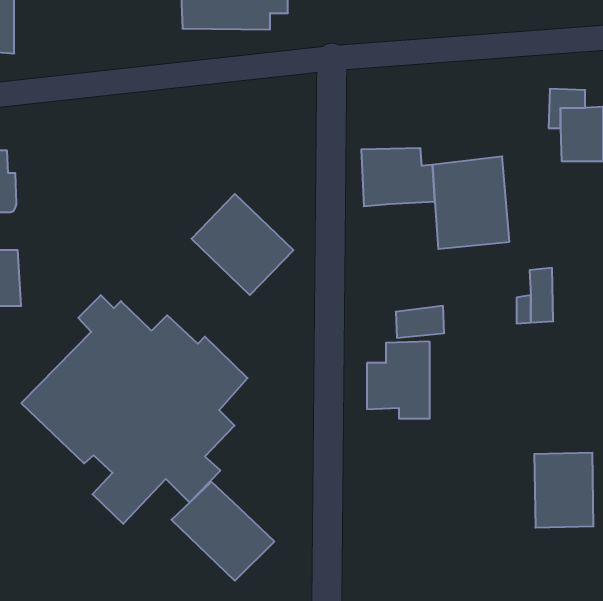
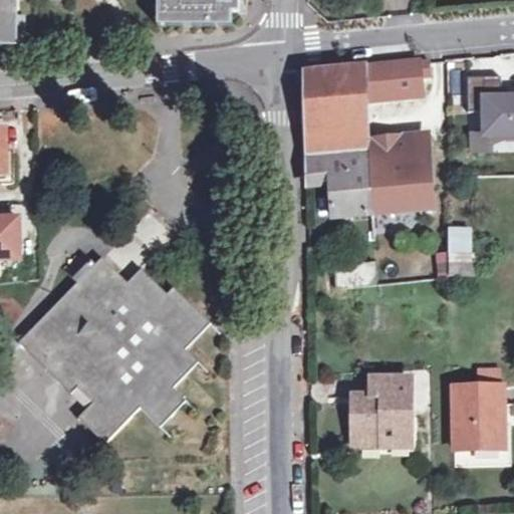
building: none -> [365,59,422,95]
building: none -> [304,66,356,126]
building: [191,194,293,295] -> none
building: none -> [330,171,371,216]
building: [367,342,430,419] -> [354,379,408,445]
building: [171,482,274,581] -> none

